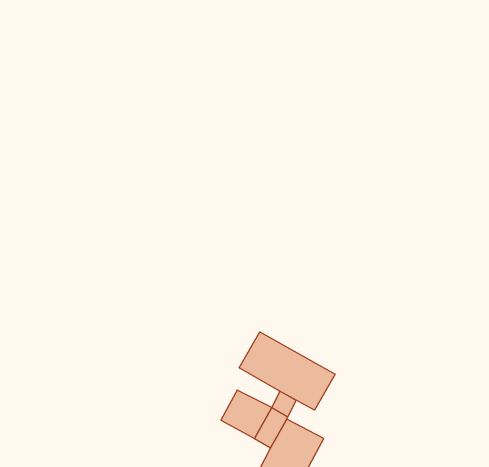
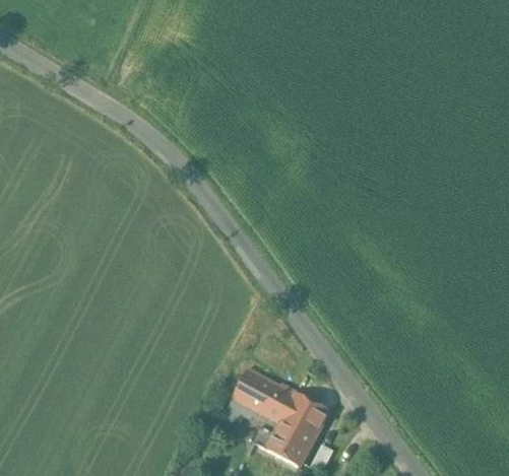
building: [239,332,335,410] -> none

